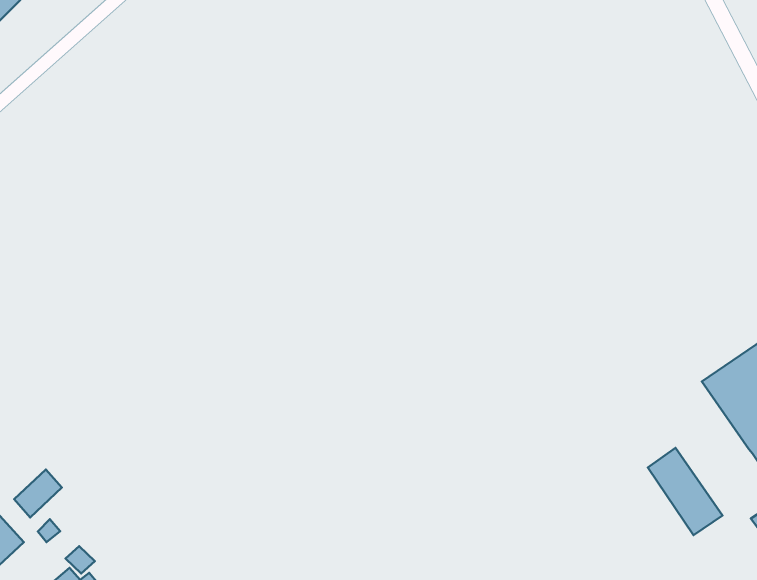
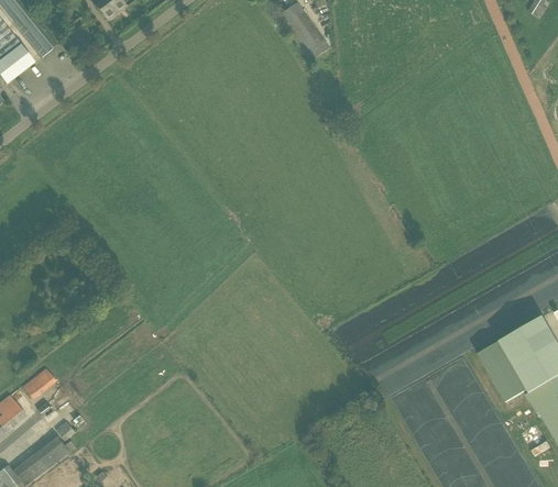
building: [648,448,723,535] -> [479,340,527,400]

